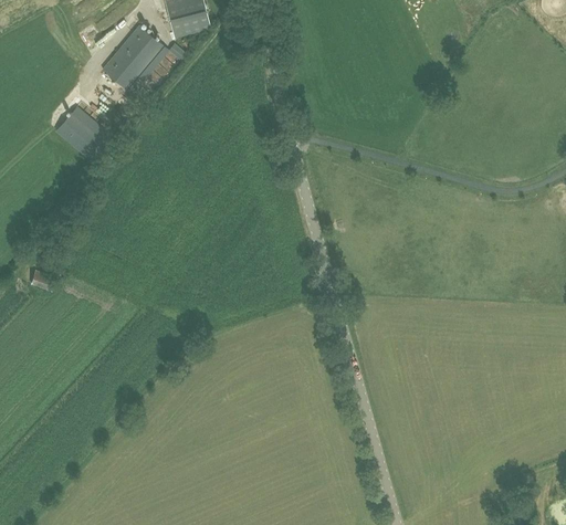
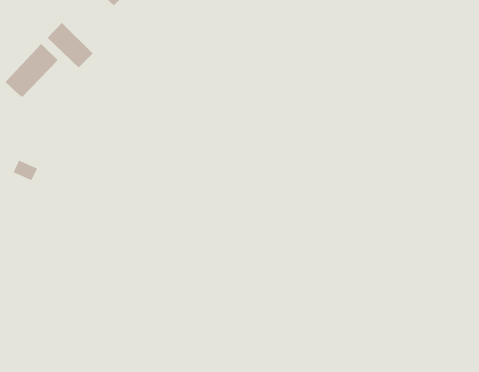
building: none -> [5,43,59,98]

